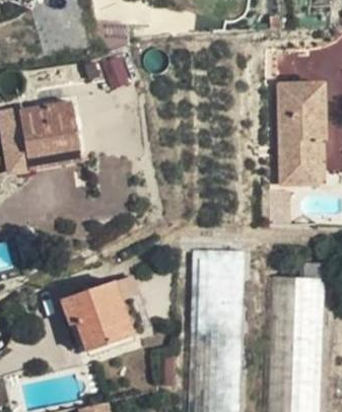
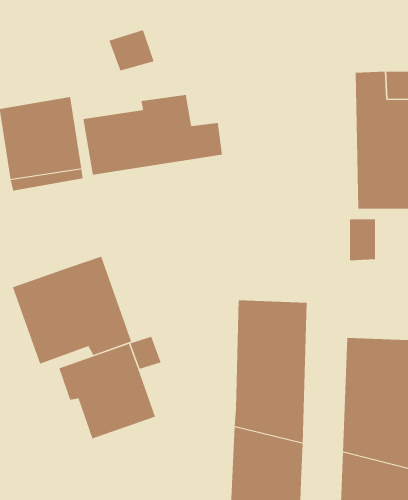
building: none -> [83,94,223,175]
building: none -> [12,256,132,364]

